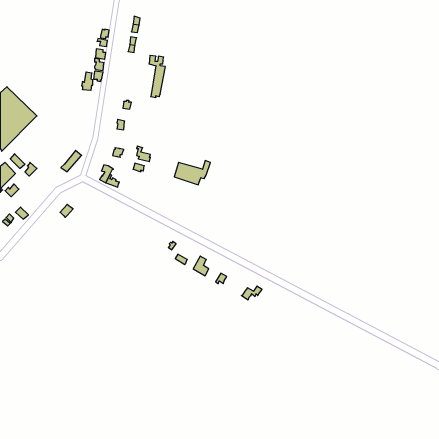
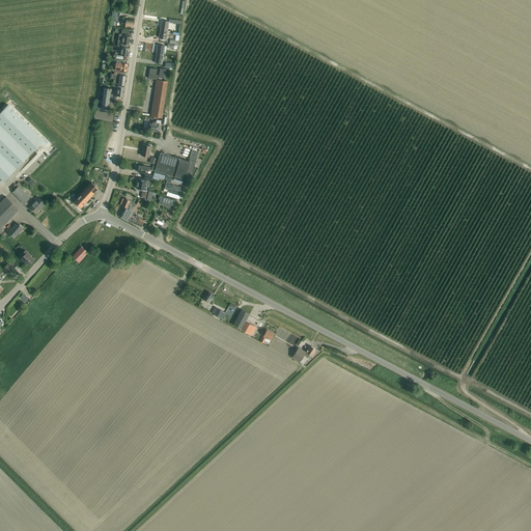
building: [149,55,165,97] -> [148,67,168,118]
building: [174,161,210,185] -> [155,150,198,179]

